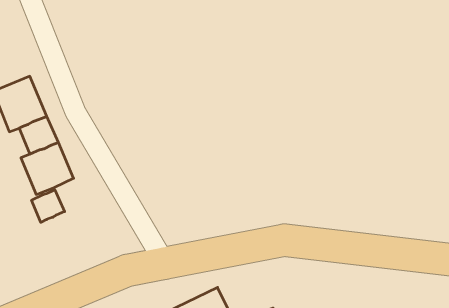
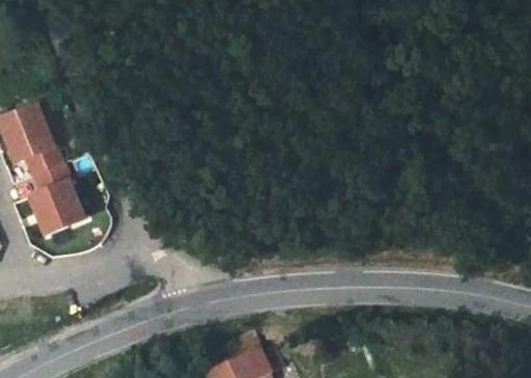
building: [32,190,65,222] -> none

